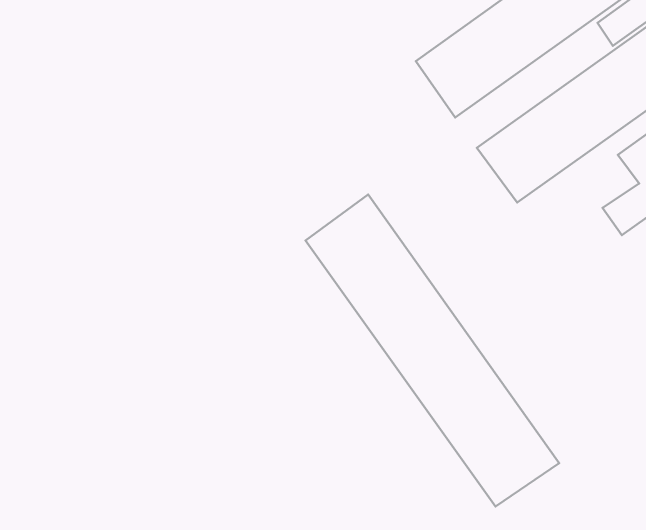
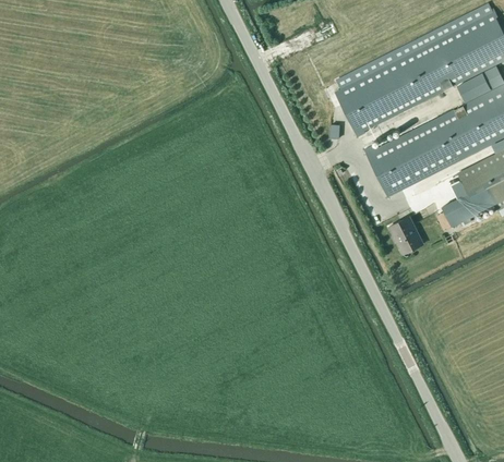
building: [305,194,559,506] -> none
building: none -> [388,215,421,253]

